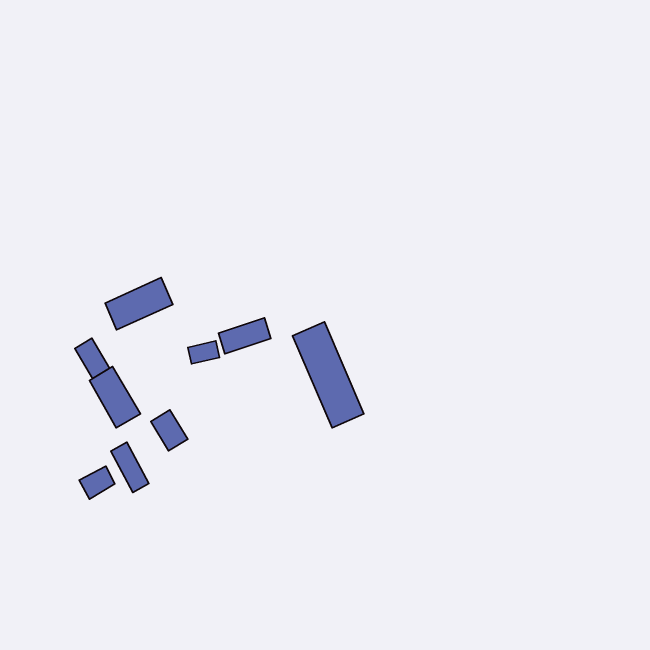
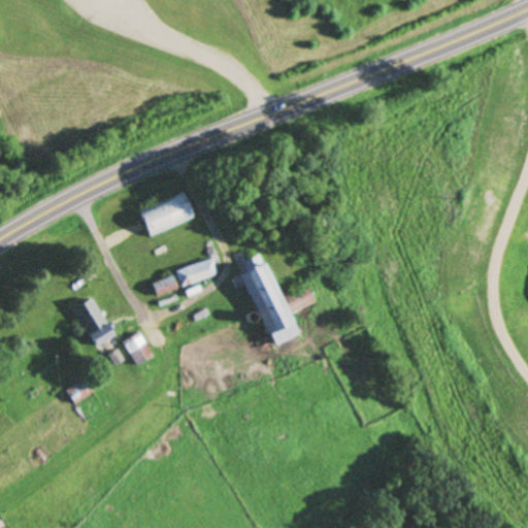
building: [105,278,173,330] -> [142,195,197,237]
building: [75,338,110,378] -> none
building: [111,442,149,492] -> none

